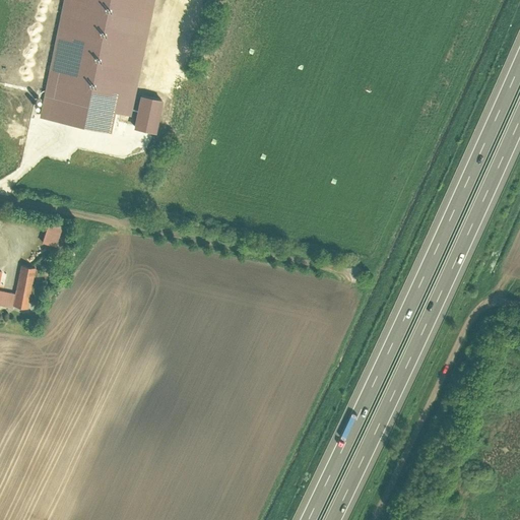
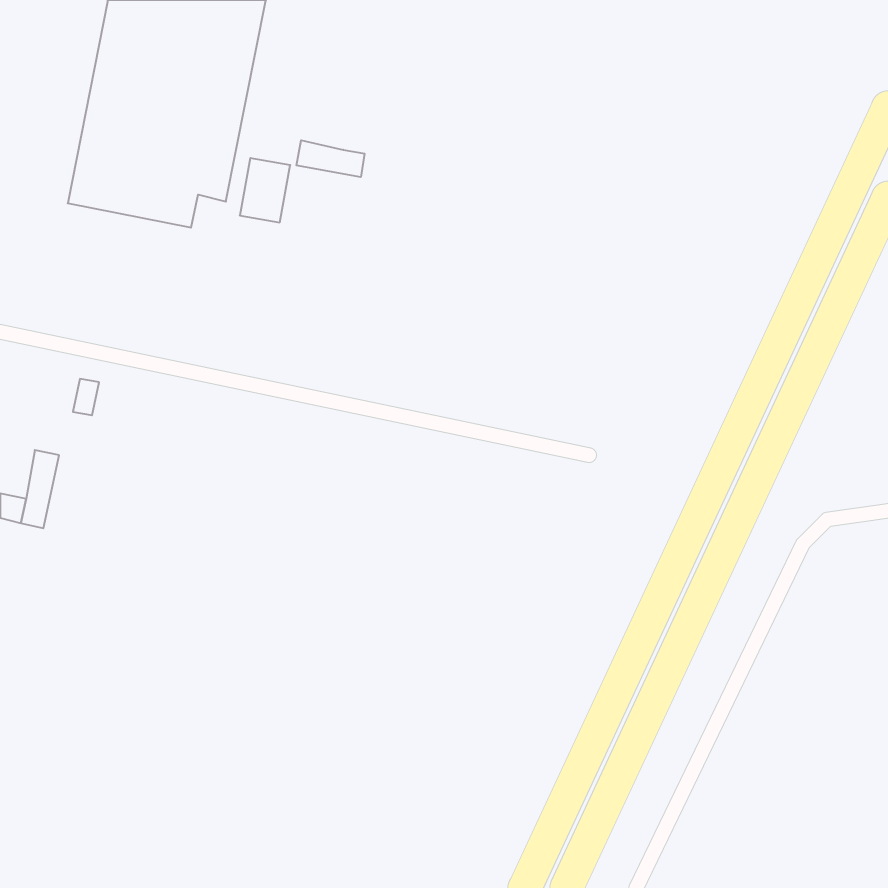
building: none -> [296,140,365,177]

